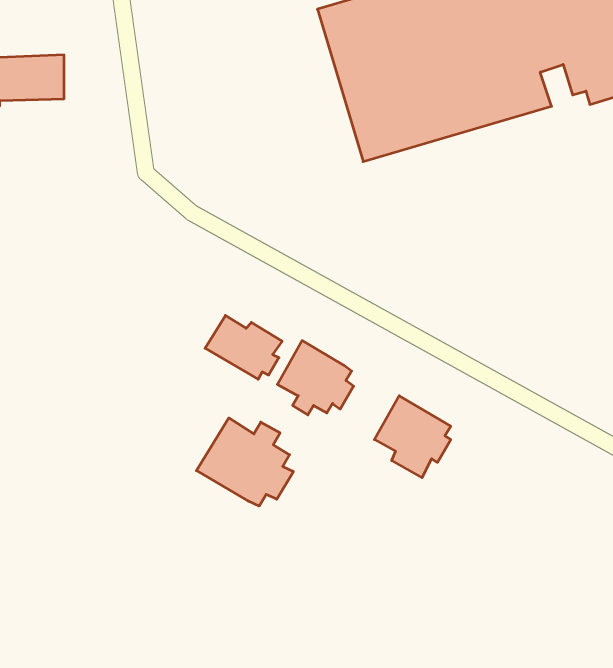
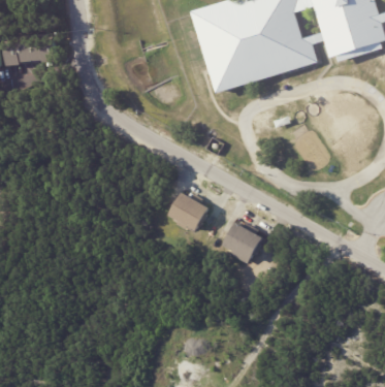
building: [205,315,282,379] -> none
building: [196,418,293,506] -> none

